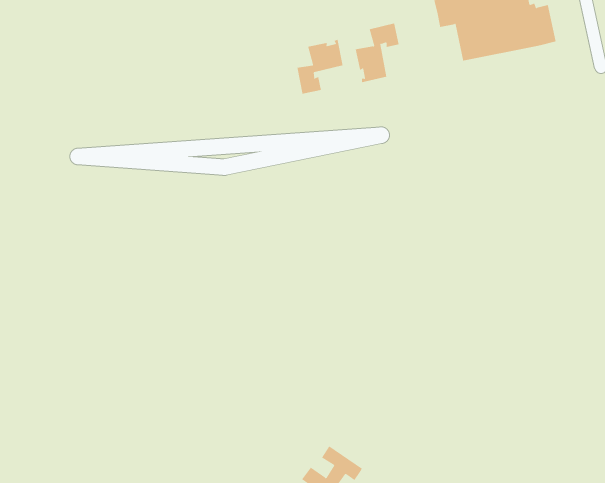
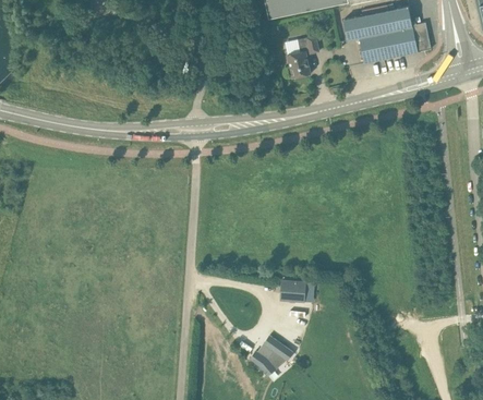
building: [297,39,343,95] -> none
building: none -> [279,280,305,302]

